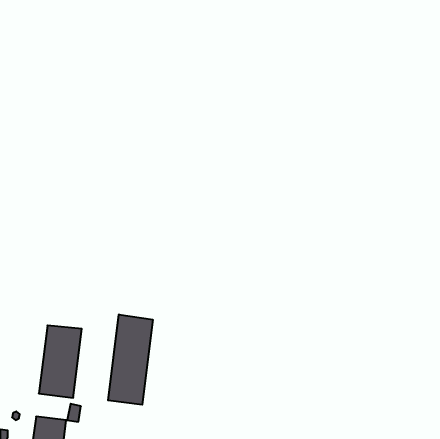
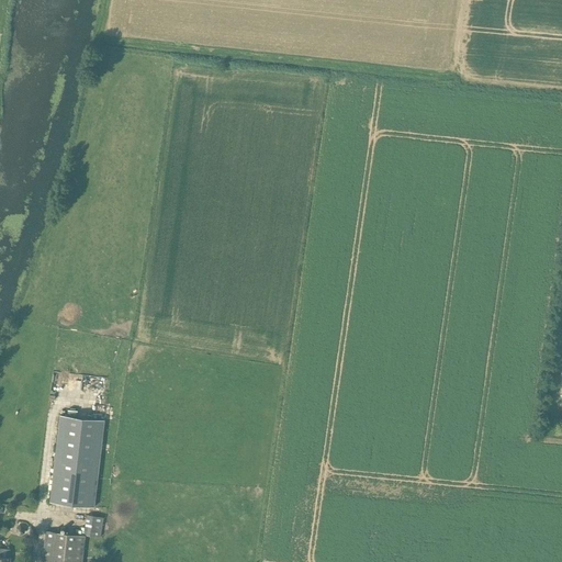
building: [108,314,153,405] -> none

